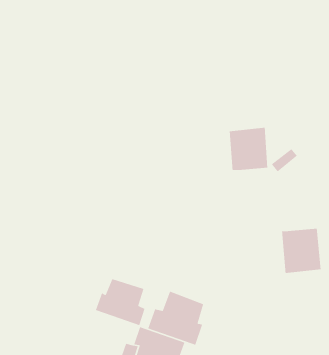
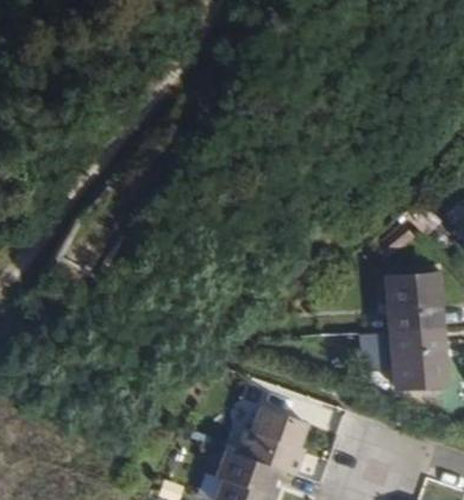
building: [229,127,268,171] -> [391,274,441,330]
building: [95,278,146,326] -> none

